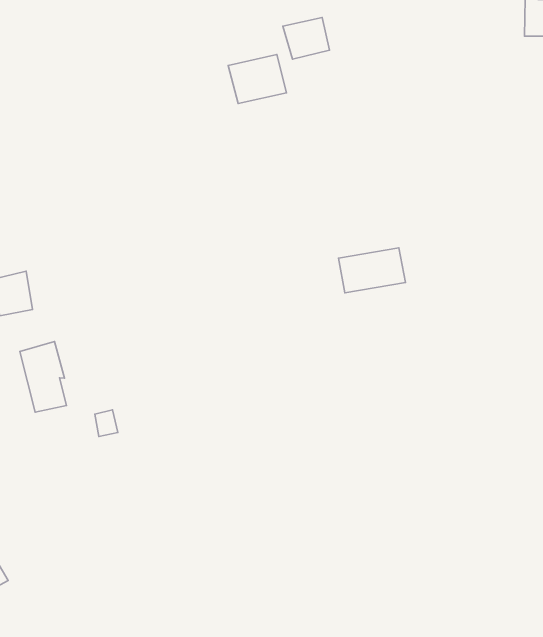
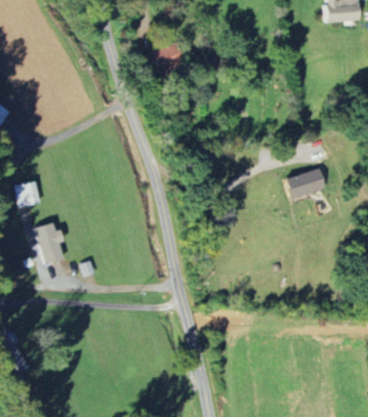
building: [283,18,330,59] -> none
building: [338,248,405,293] -> [284,169,325,198]

